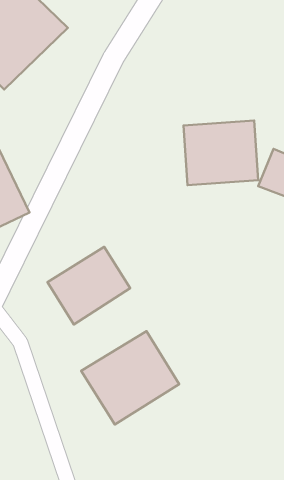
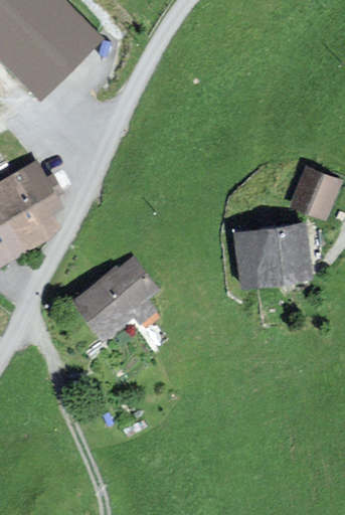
building: [184,121,258,185] -> [236,224,311,289]
building: [81,331,179,424] -> none

